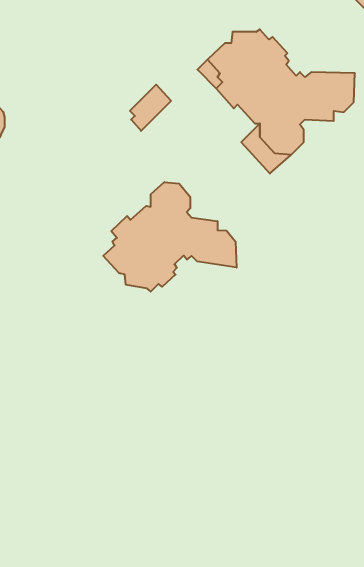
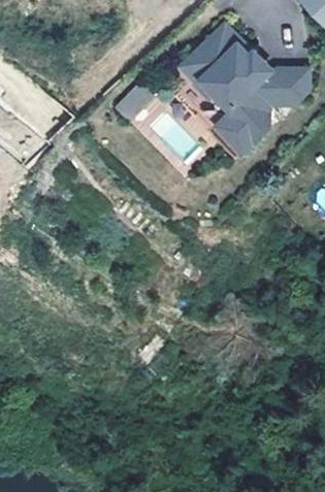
building: [103,182,237,292] -> none

